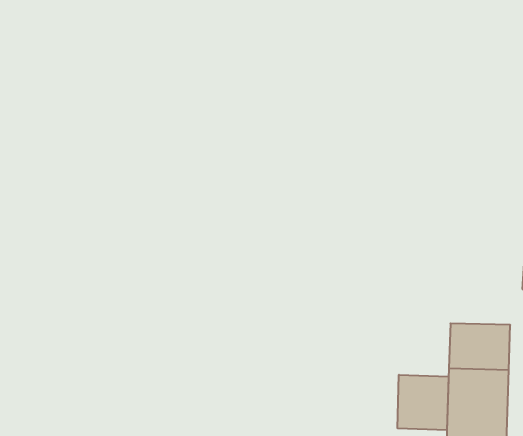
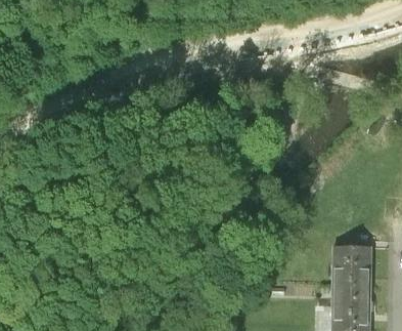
building: [398,375,448,430] -> none

